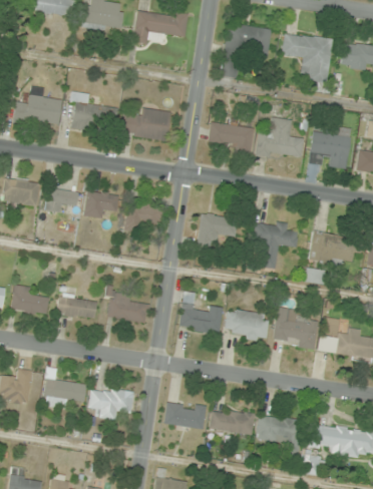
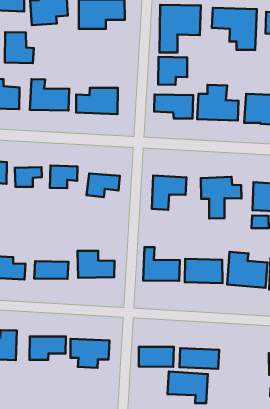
building: none -> [5,32,34,63]
building: none -> [158,57,187,85]
building: [257,414,304,453] -> [167,372,208,403]

